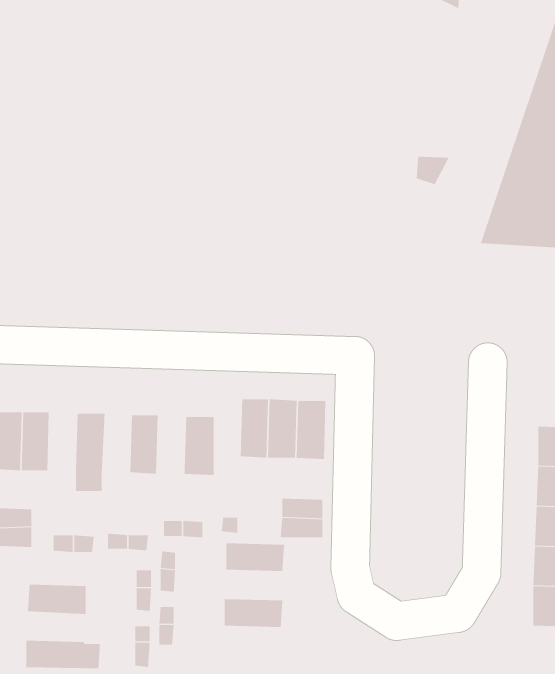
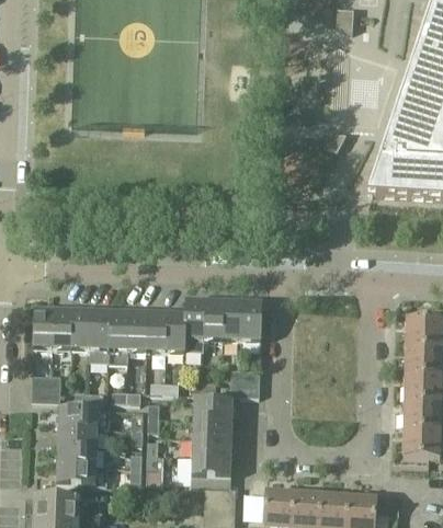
building: none -> [184,299,204,352]
building: none -> [71,309,91,349]
building: none -> [109,310,128,366]
building: none -> [146,311,166,352]
building: none -> [58,408,110,428]
building: none -> [192,417,232,438]
building: none -> [56,446,98,467]
building: none -> [191,456,231,477]

